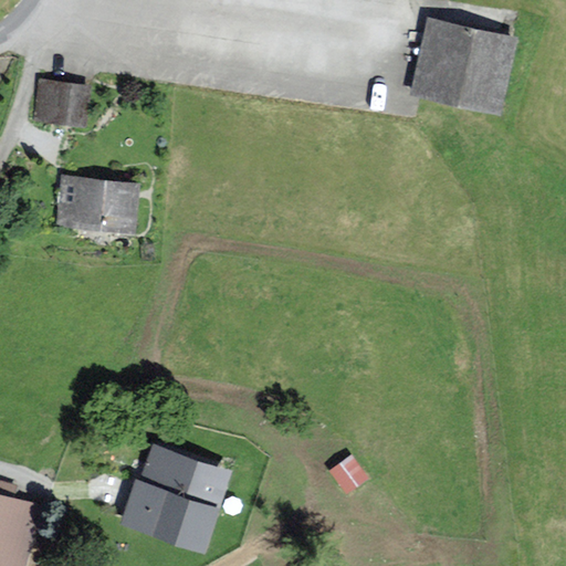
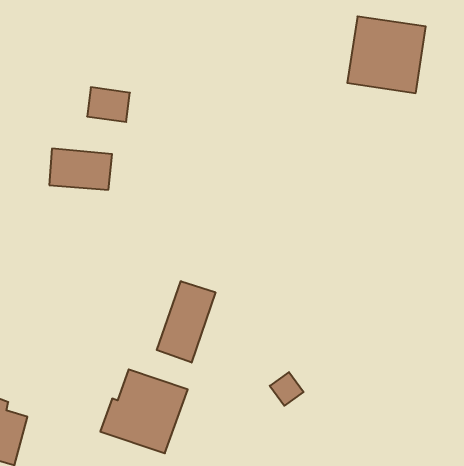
building: [33,81,85,123] -> [87,87,130,122]
building: none -> [157,281,215,363]

